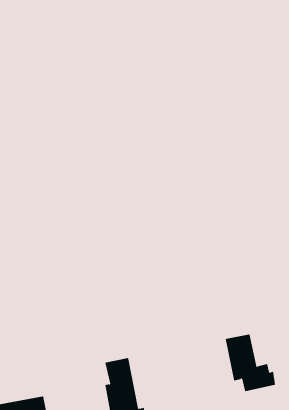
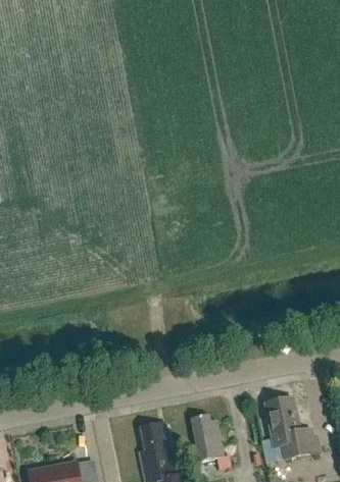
building: none -> [190,415,233,470]

